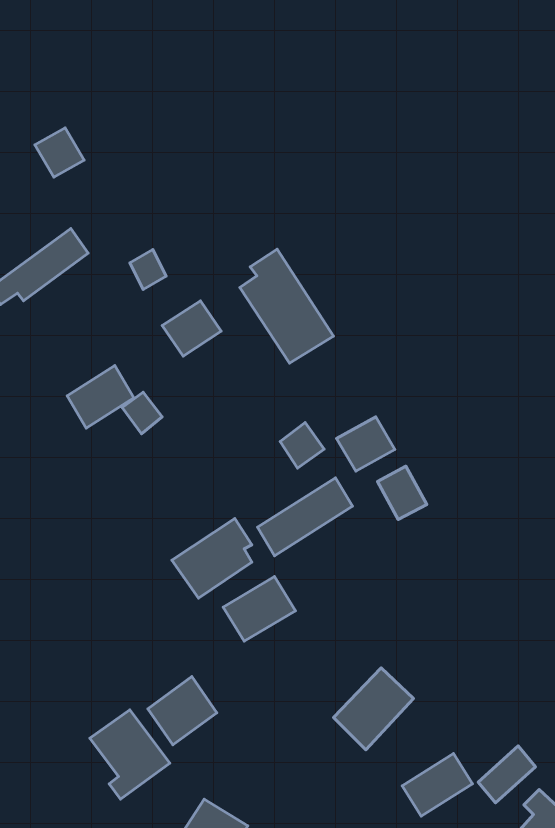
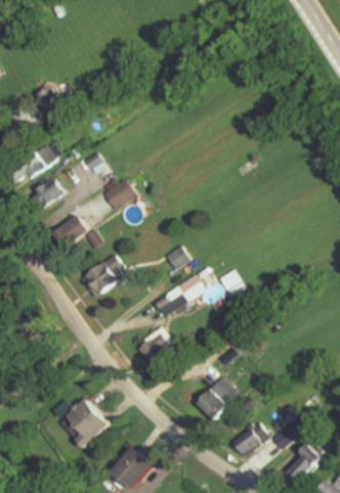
building: [240,249,334,363] -> none
building: none -> [35,177,62,204]
building: [337,417,395,471] -> none
building: [172,518,252,598] -> [80,254,123,297]
building: [148,676,217,745] -> none

